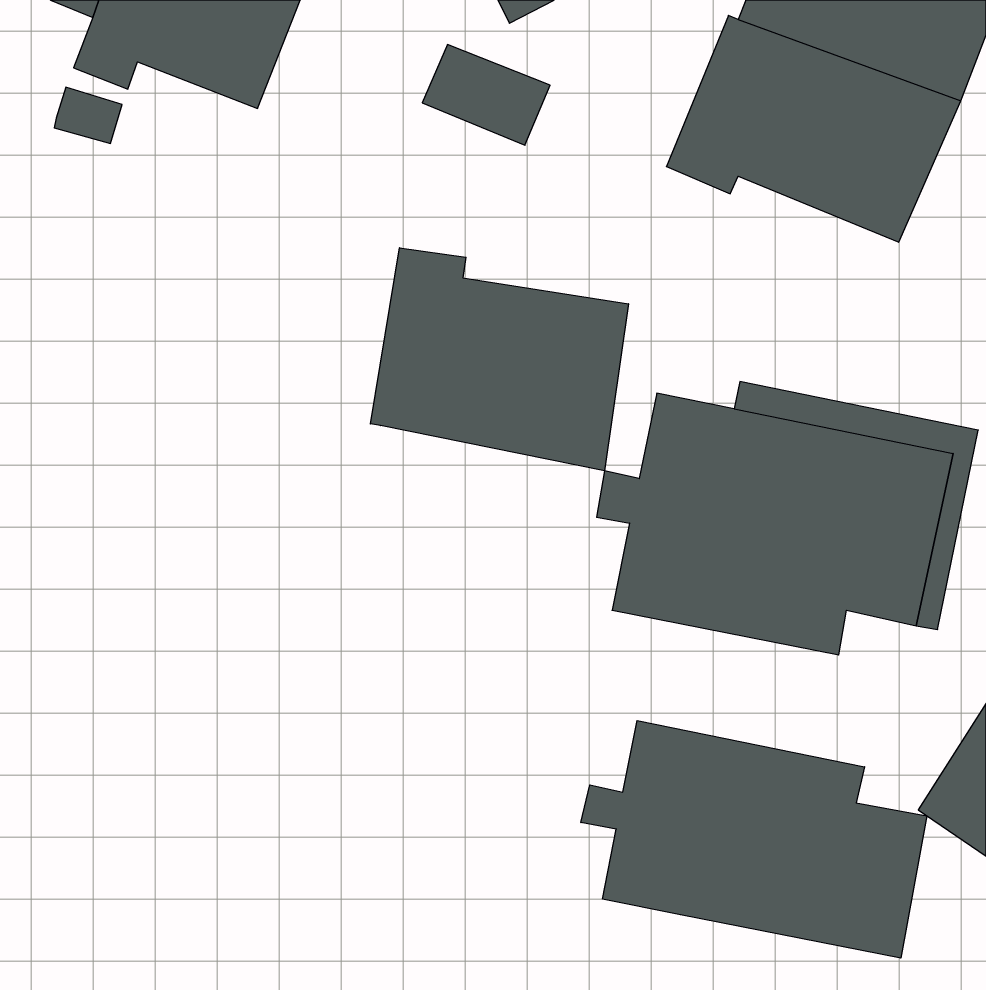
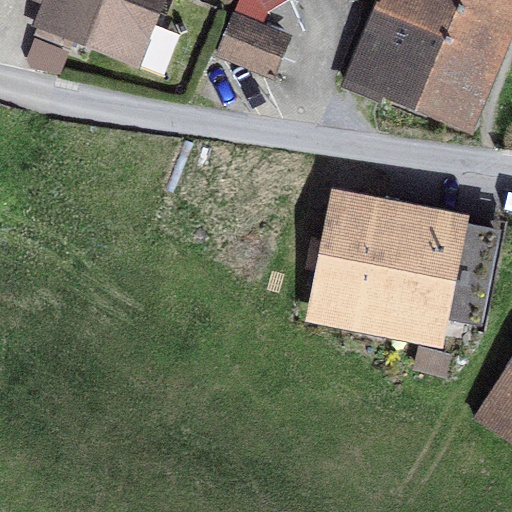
building: [370,248,628,471] -> none
building: [581,721,927,958] -> none

